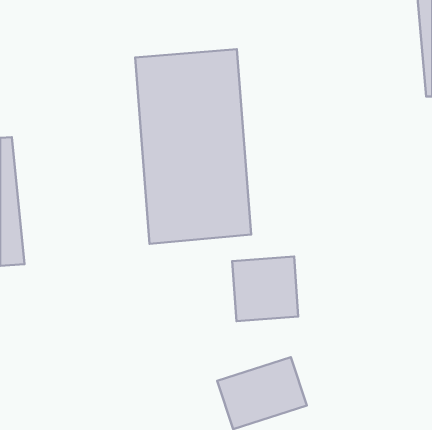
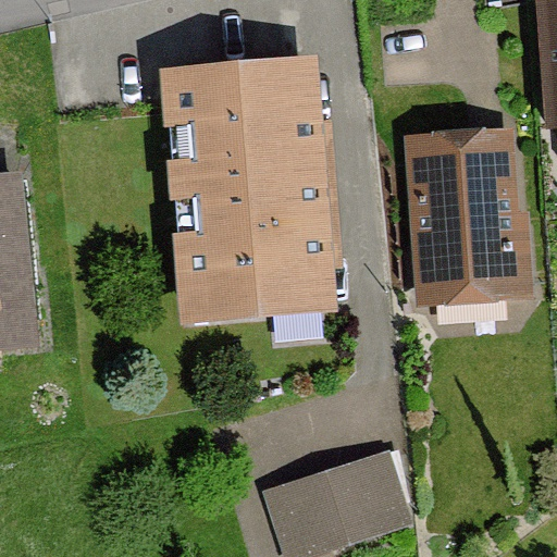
building: none -> [414,134,531,298]
building: [232,256,298,321] -> none

